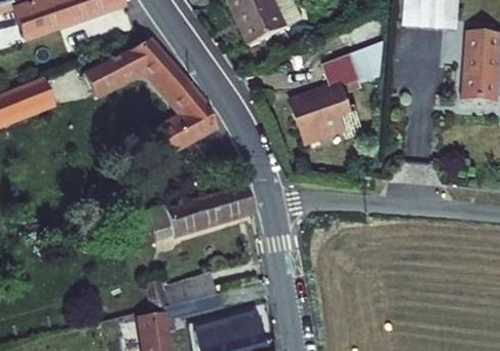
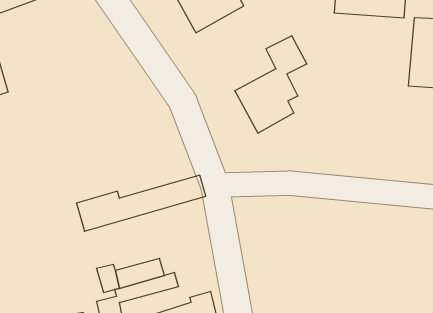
building: [88,33,221,156] -> none
building: [344,33,379,78] -> none

